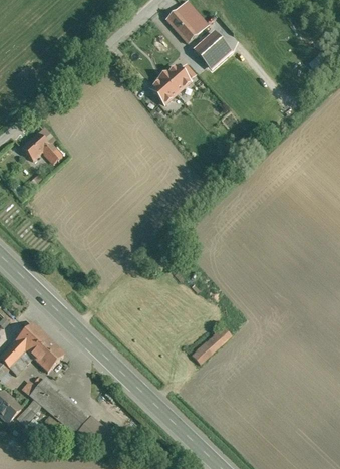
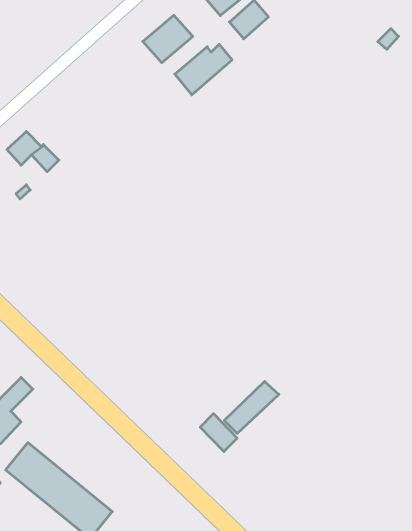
building: none -> [143,15,193,63]
building: [25,330,65,371] -> none
building: none -> [200,414,237,452]

